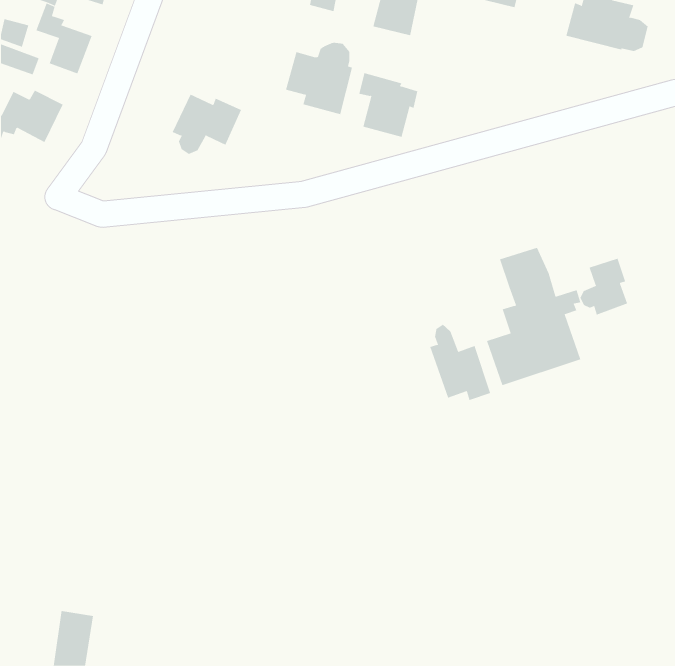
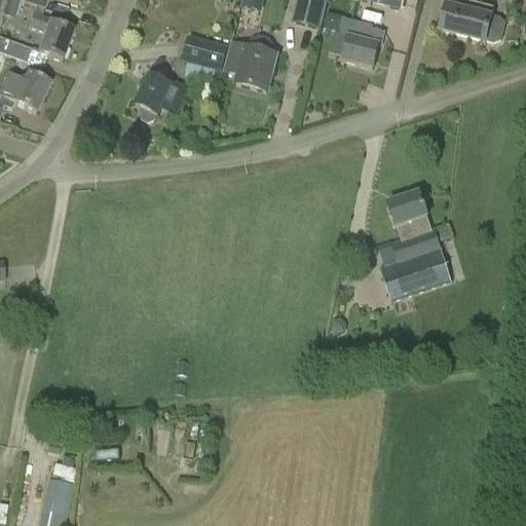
building: none -> [182,34,227,69]
building: [359,73,418,137] -> [338,15,384,66]
building: [580,258,628,315] -> none
building: [430,324,491,401] -> none

